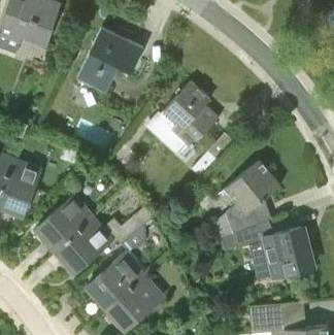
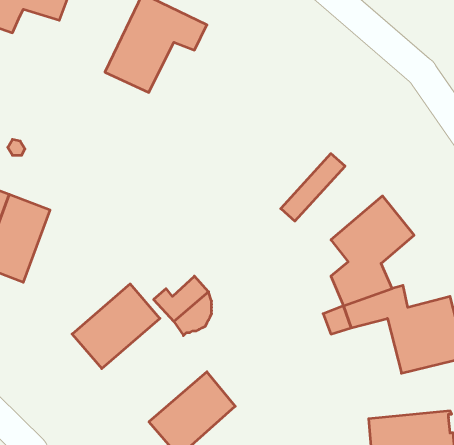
building: [155,81,219,152] -> none
building: [35,197,93,252] -> none
building: [87,256,143,309] -> none

